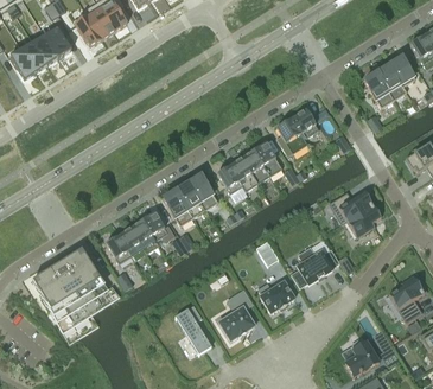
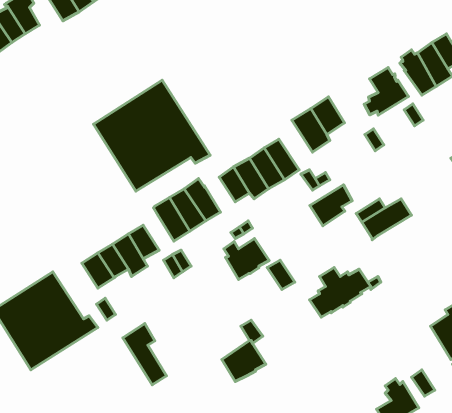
building: none -> [364,68,408,115]
building: none -> [93,80,210,191]
building: [345,204,380,237] -> [310,185,352,226]
building: [257,280,294,313] -> [224,239,269,279]
building: [174,304,210,353] -> [123,323,167,385]

